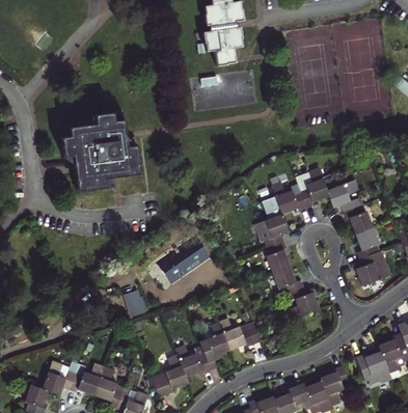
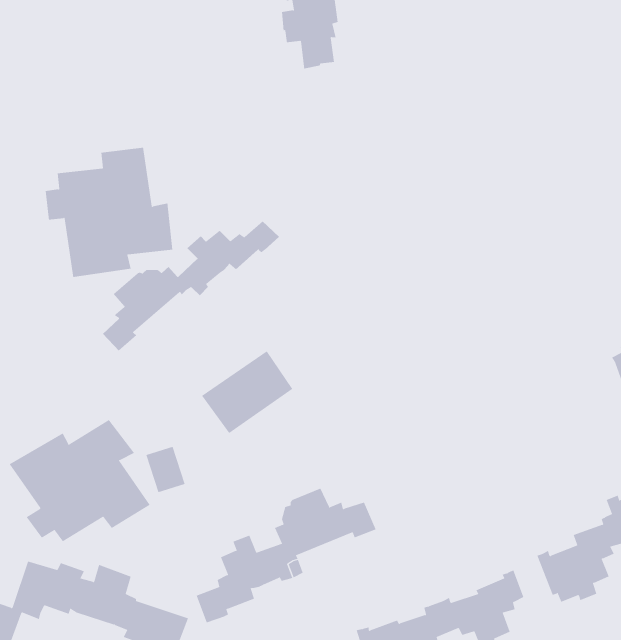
building: none -> [102,220,280,352]
building: [254,167,392,320] -> none
building: none -> [9,419,150,542]

